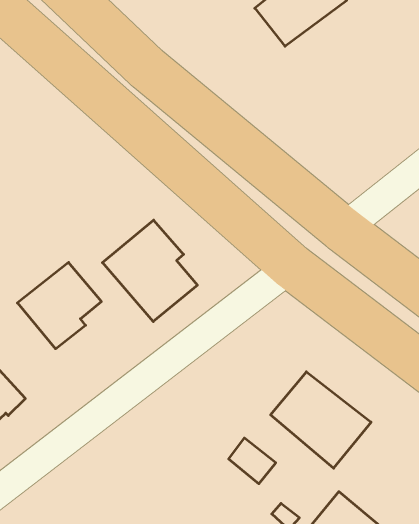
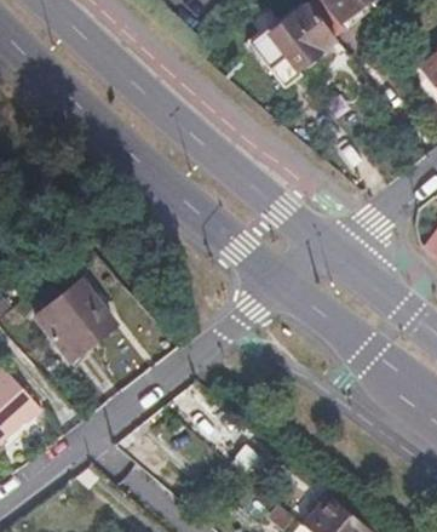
building: [102,220,197,322] -> none
building: [271,372,371,468] -> none

